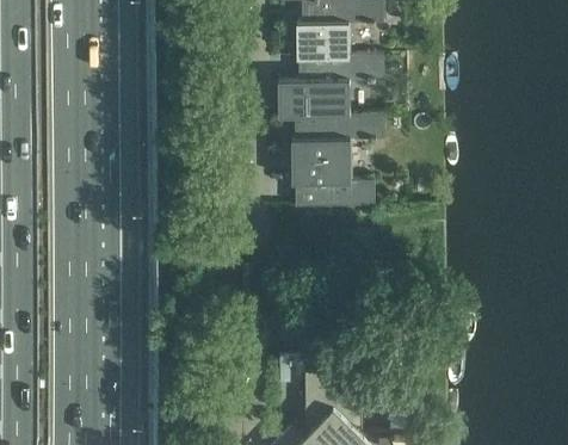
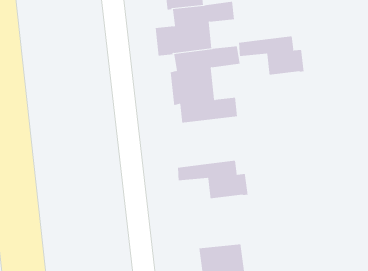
building: none -> [238,36,304,75]
building: none -> [177,160,248,199]

